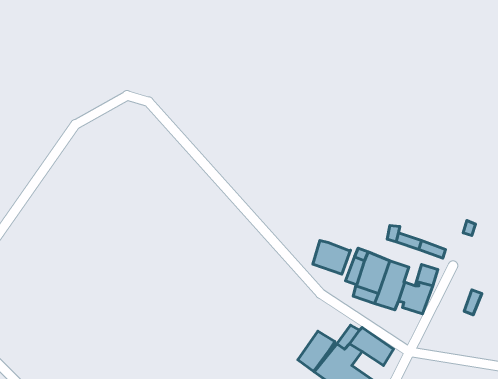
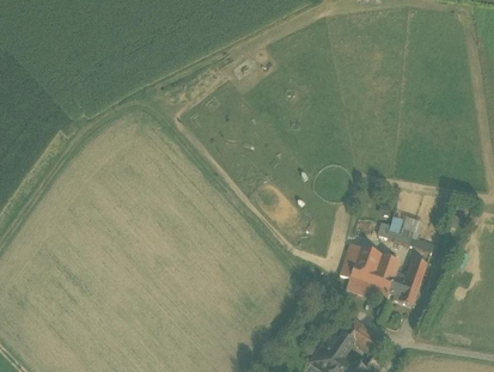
building: [313,240,350,274] -> none
building: [298,331,335,372] -> none

